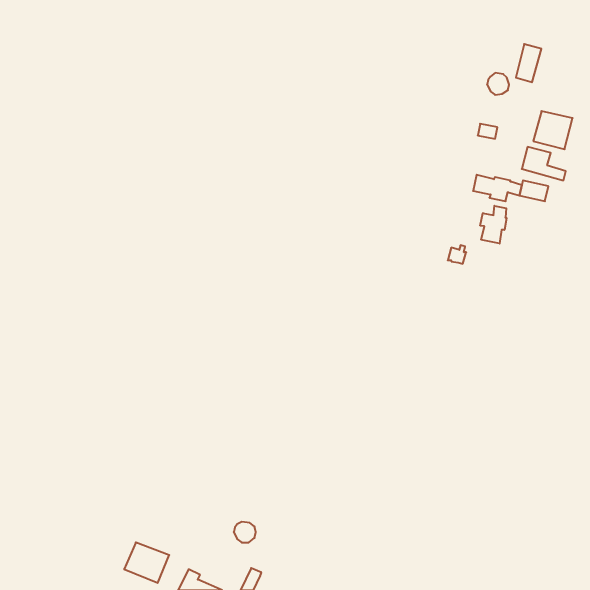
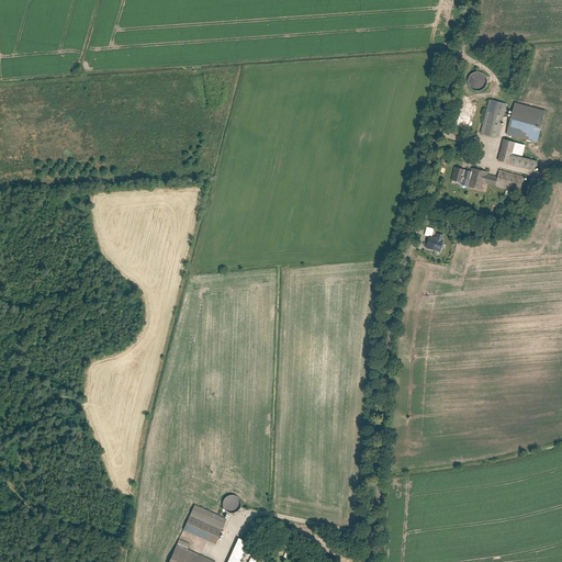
building: [516,44,541,82] -> [482,100,506,136]
building: [480,206,507,244] -> none
building: [124,542,169,583] -> [184,505,227,543]

